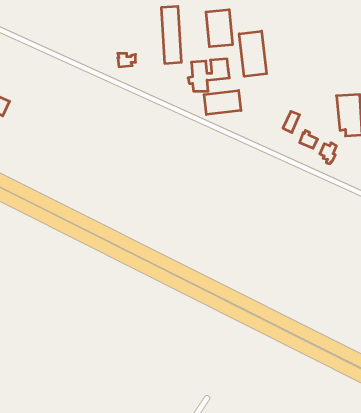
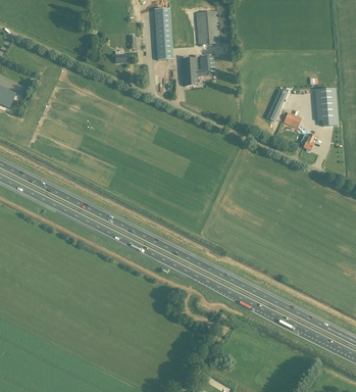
building: [239,31,267,76] -> none
building: [204,90,241,115] -> none

